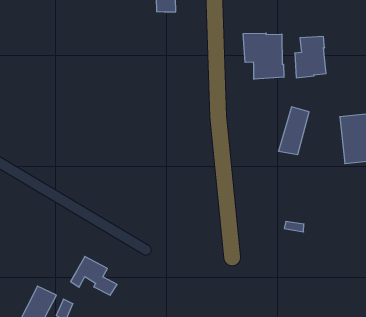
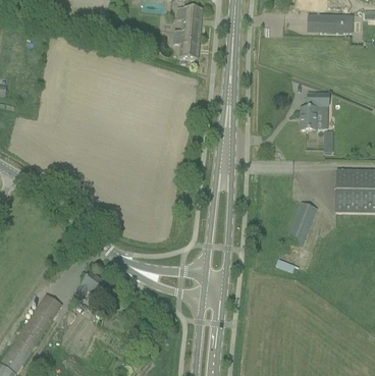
building: [243,33,284,79] -> none
building: [278,107,309,155] -> [285,201,317,245]

